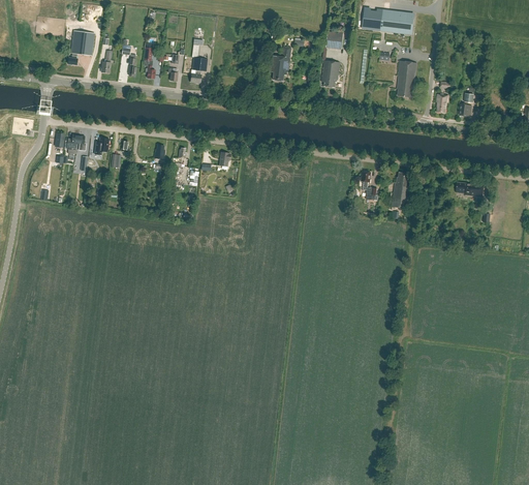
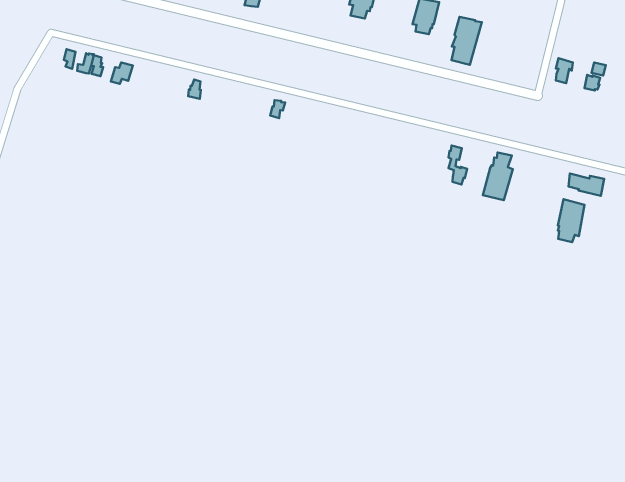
building: [396,60,416,96] -> [452,17,482,65]
building: none -> [558,199,585,242]

